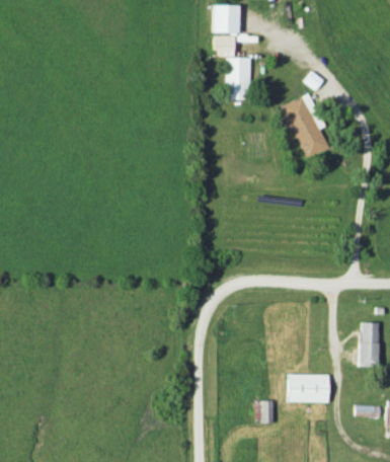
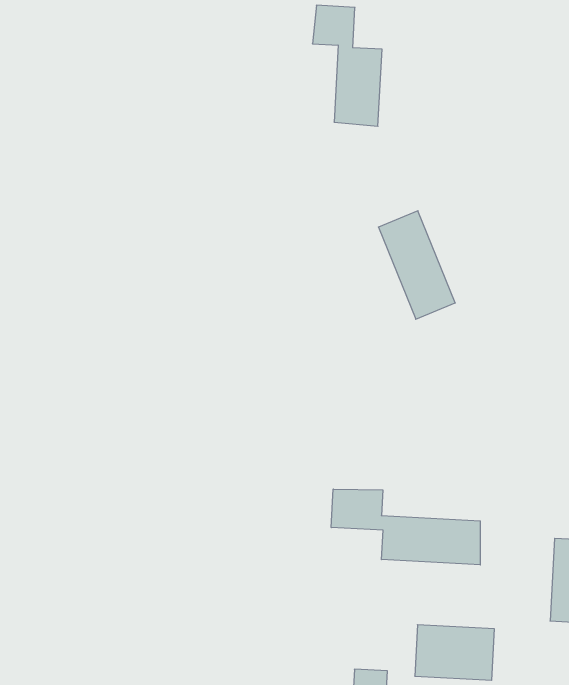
building: [284,99,328,159] -> [378,211,455,319]
building: none -> [331,489,480,565]

